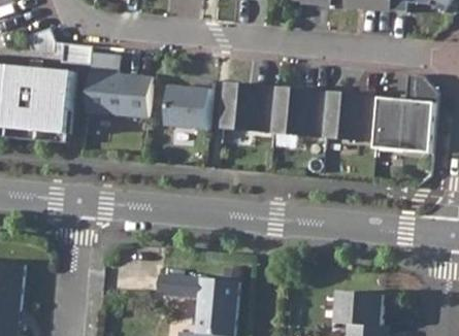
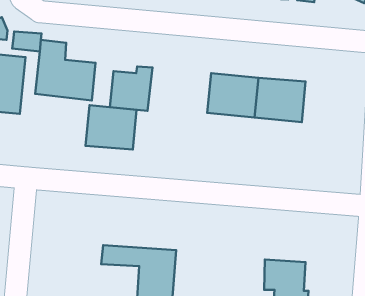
building: [373,74,435,154] -> none
building: [220,82,275,131] -> [86,105,137,150]

